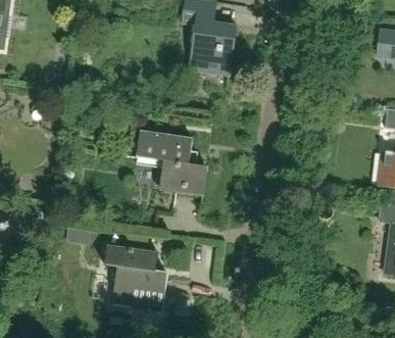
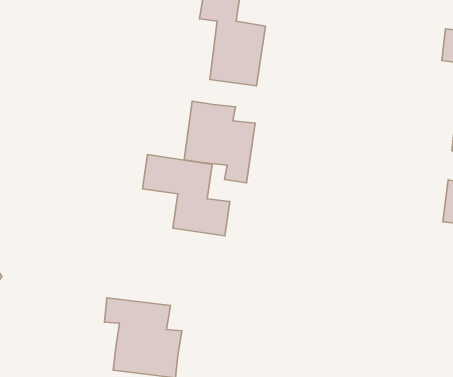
building: none -> [184,101,255,183]

